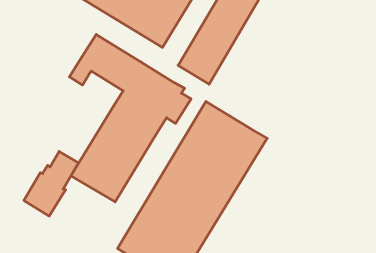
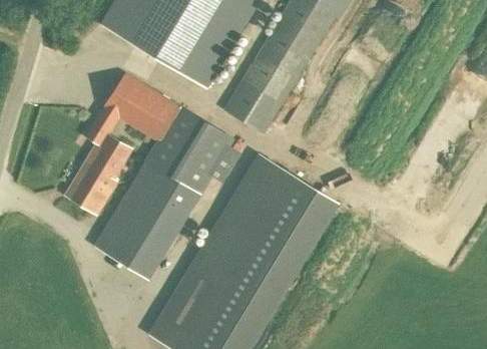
building: [24,151,79,216] -> [65,134,132,214]

